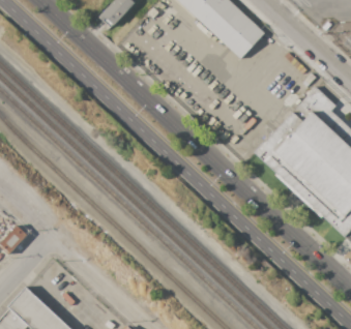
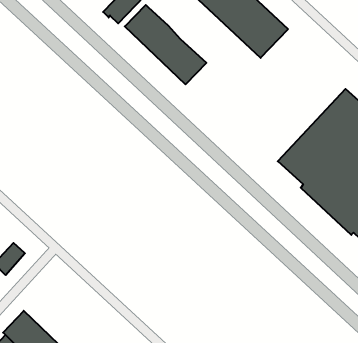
building: none -> [125,5,206,84]

